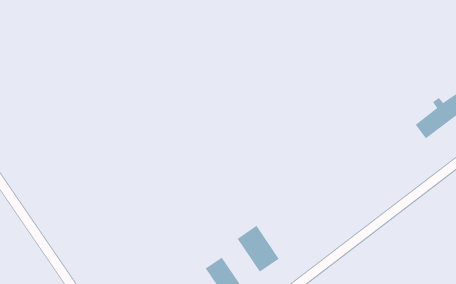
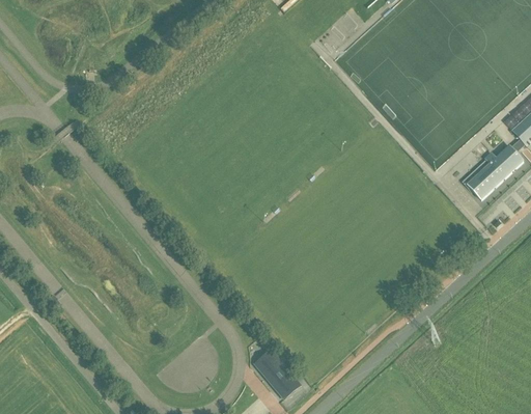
building: [237,225,280,272] -> none

